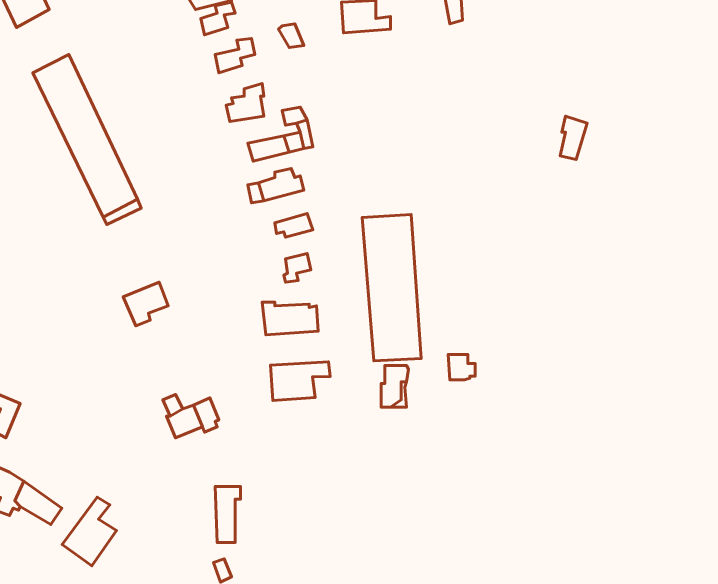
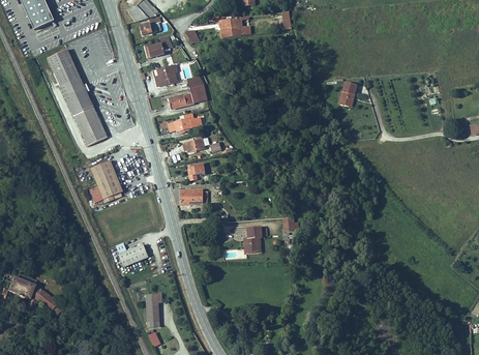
building: [362,214,421,361] -> none
building: none -> [89,160,117,185]
building: [270,362,330,401] -> none
building: [62,497,117,566] -> none

